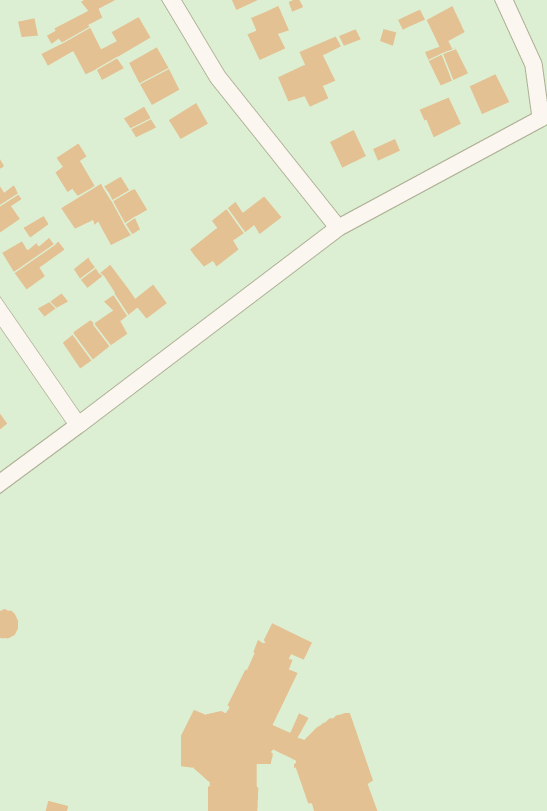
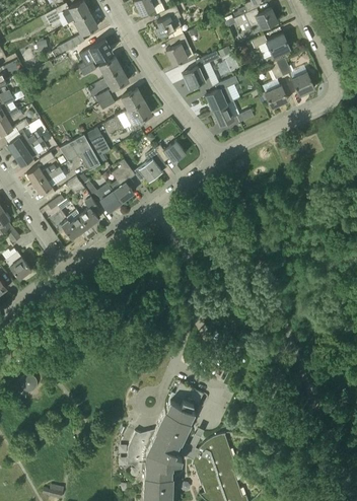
building: none -> [206,76,237,111]
building: none -> [128,100,151,131]
building: [55,142,95,197] -> none
building: none -> [111,159,135,202]

